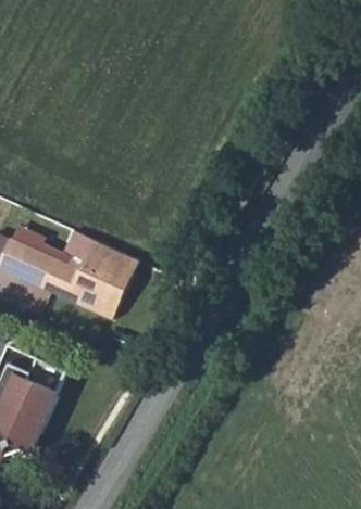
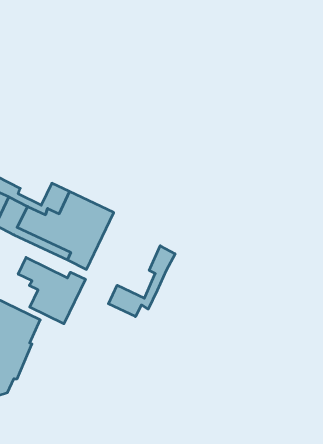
building: none -> [108,246,175,317]
building: none -> [18,257,85,324]

